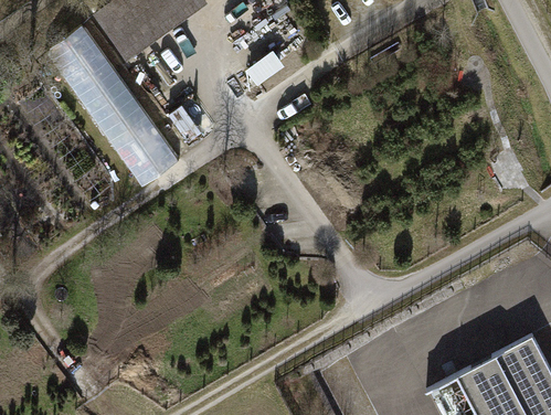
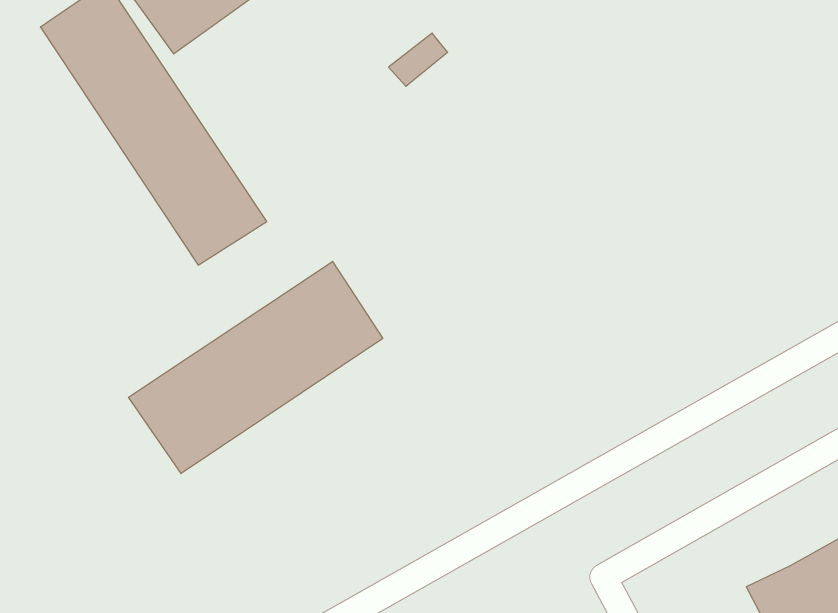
building: none -> [129,261,383,474]

